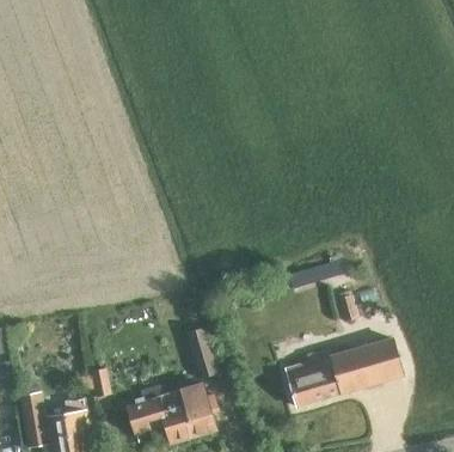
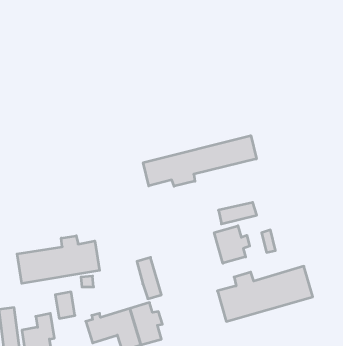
building: none -> [143,136,256,186]
building: none -> [214,226,250,263]
building: none -> [17,236,100,283]

